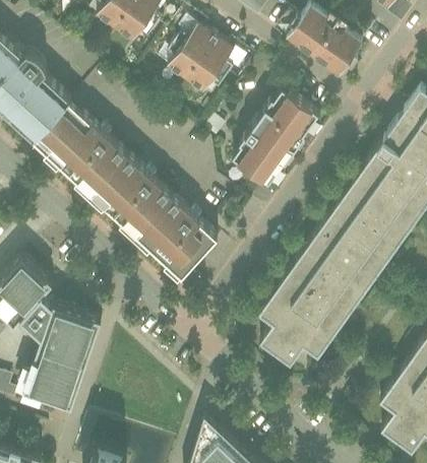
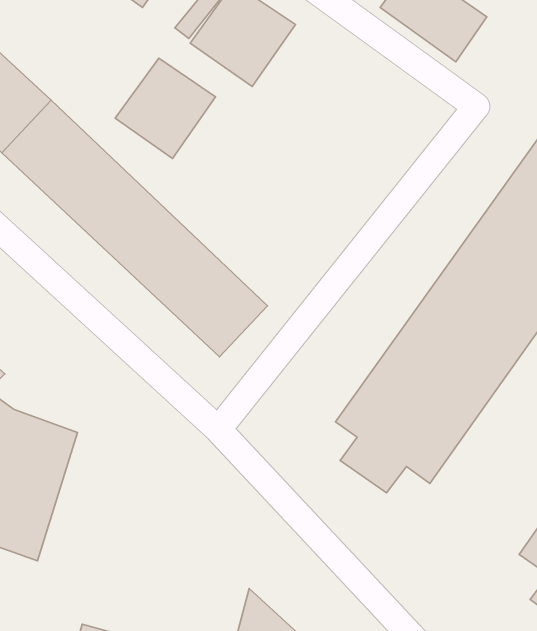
building: none -> [115,58,216,158]
building: [235,92,314,181] -> none

